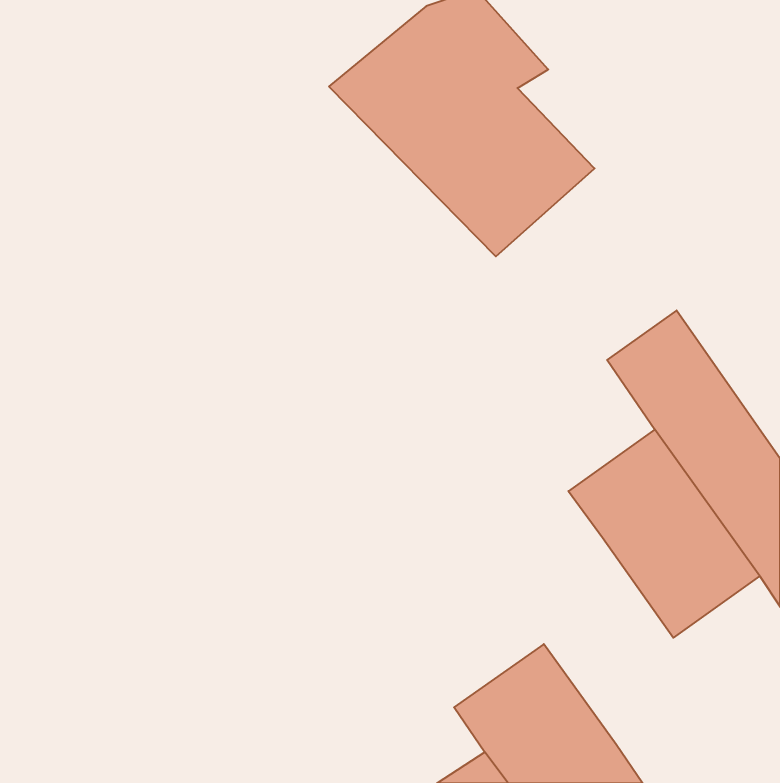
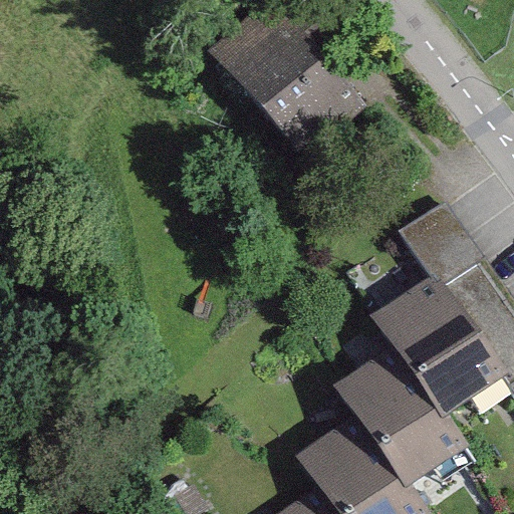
building: none -> [333,349,458,484]

